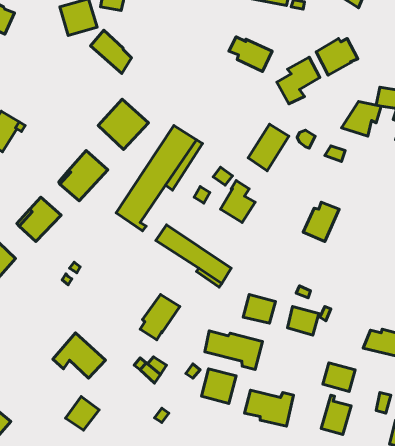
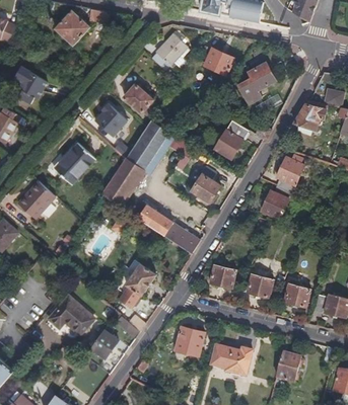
building: none -> [151,33,187,70]
building: [91,30,131,73] -> [125,84,159,120]
building: [316,38,358,75] -> none
building: none -> [14,66,46,103]
building: none -> [276,154,303,191]
building: [205,331,262,370] -> none
building: [323,363,355,391] -> [283,282,310,307]
building: [65,397,99,430] -> [89,330,118,358]

